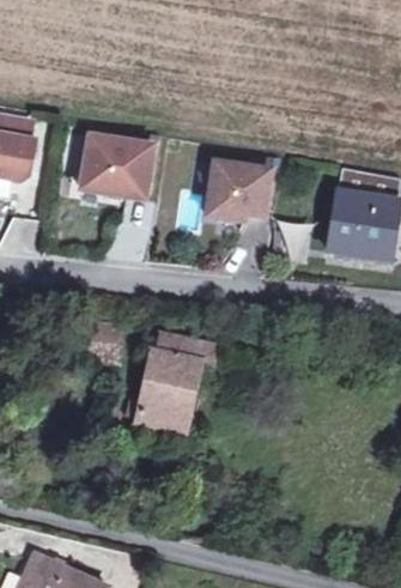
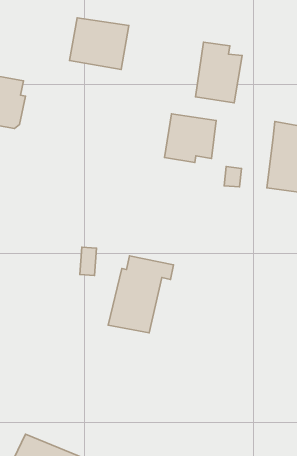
building: none -> [195,42,242,103]
building: [79,134,152,198] -> [70,18,129,69]

